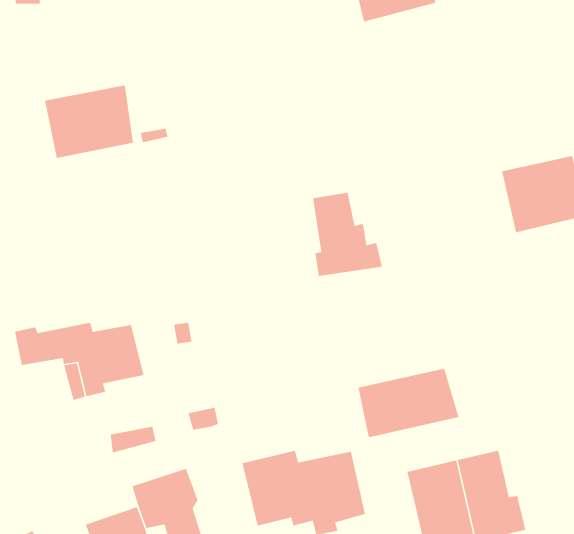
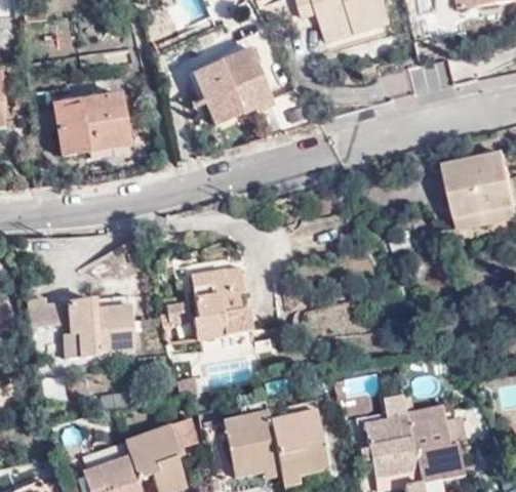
building: none -> [195,48,275,121]
building: [312,192,383,277] -> [192,264,252,337]
building: [357,368,459,438] -> none

